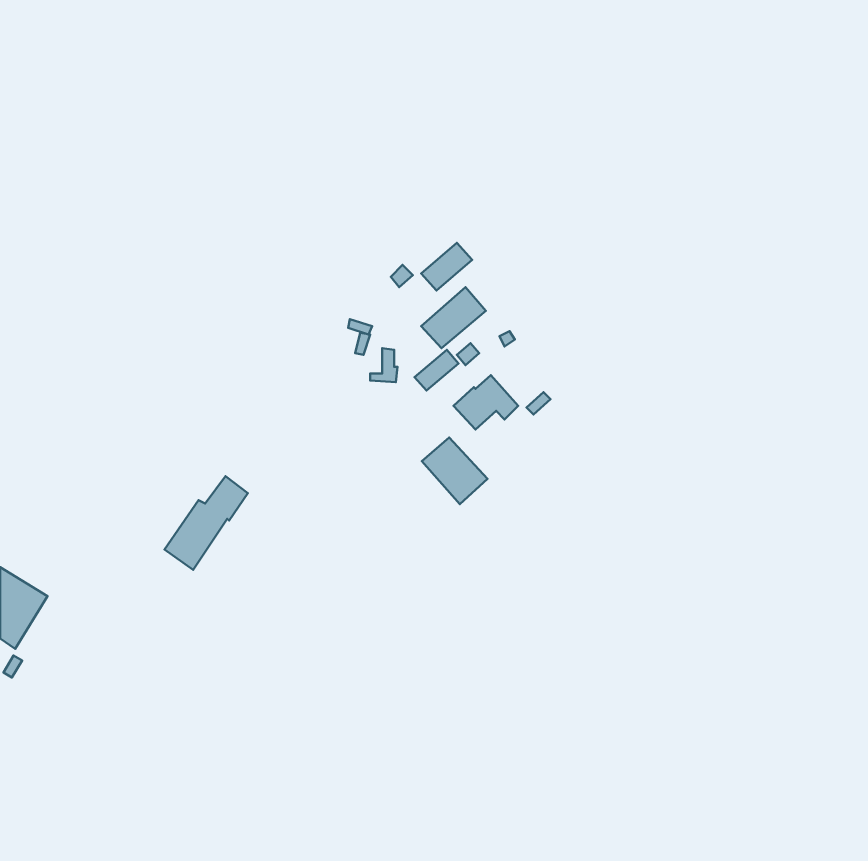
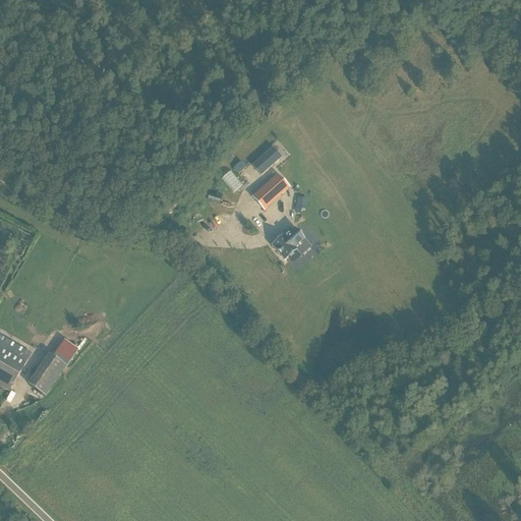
building: [422,438,487,504] -> none
building: [164,476,248,570] -> [27,337,77,393]

